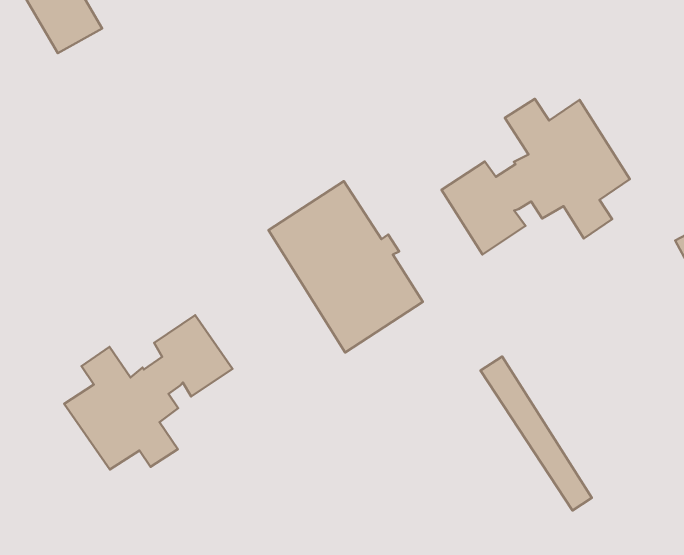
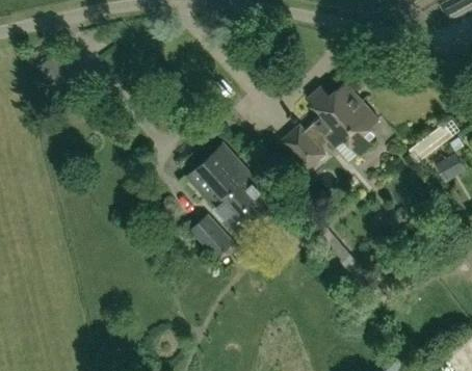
building: none -> [189,212,234,258]
building: [64,315,232,470] -> none

